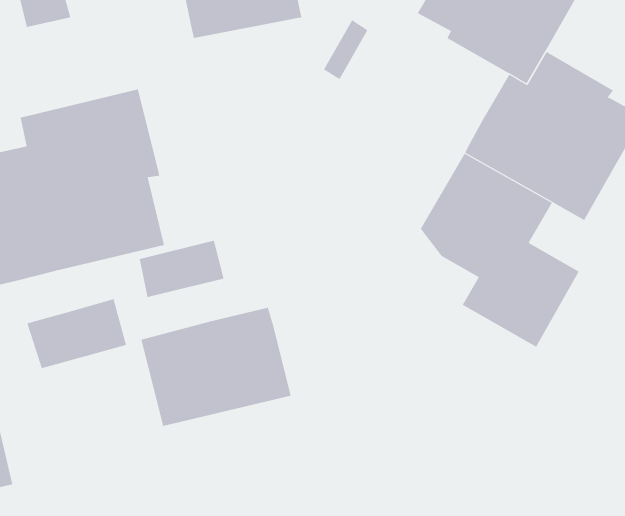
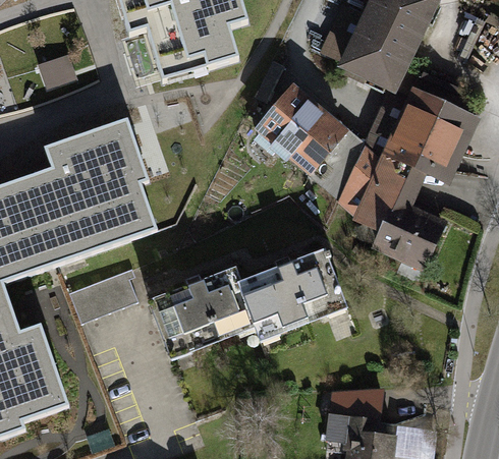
building: none -> [254,78,361,198]
building: [139,240,224,298] -> none
building: none -> [238,244,346,336]

